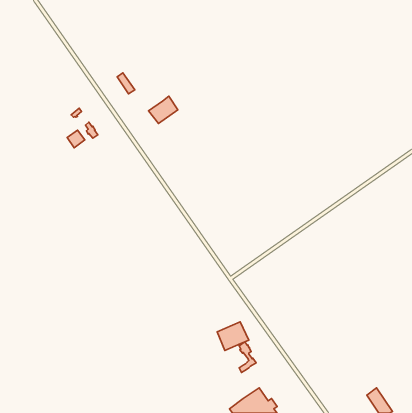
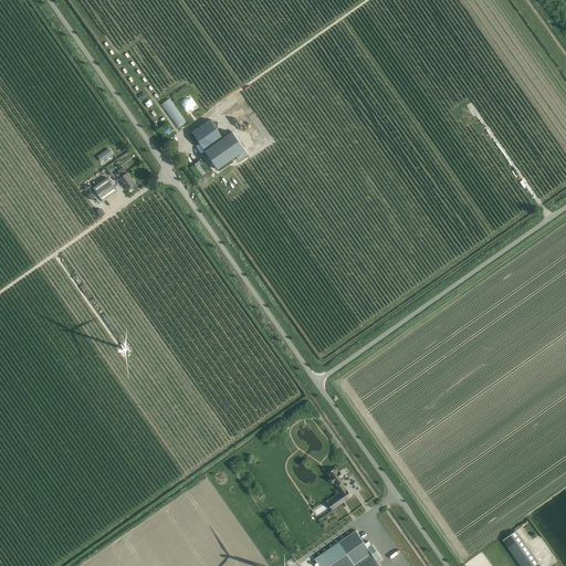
building: none -> [191,120,222,151]
building: [217,322,249,350] -> none

